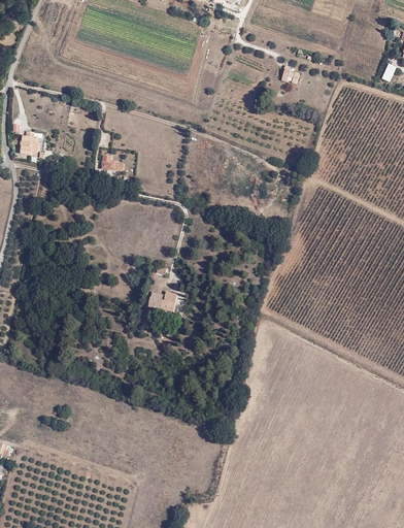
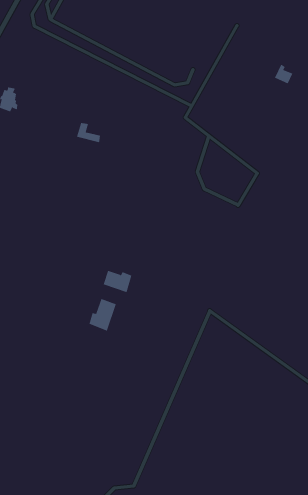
building: none -> [89,298,116,331]

